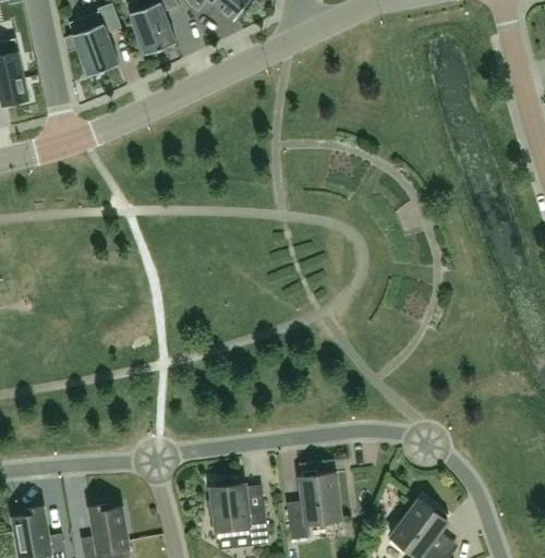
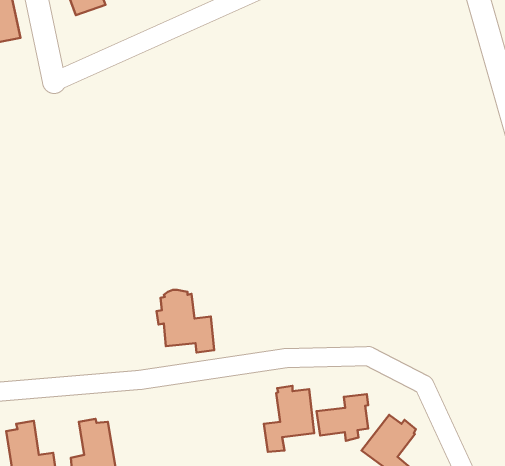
building: none -> [316,394,368,441]
building: [207,478,268,545] -> [157,290,214,352]

